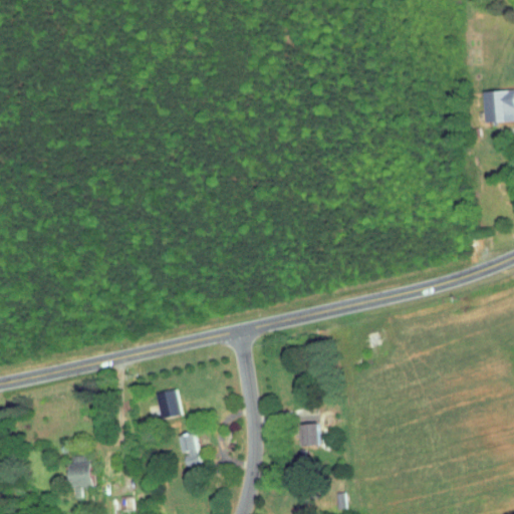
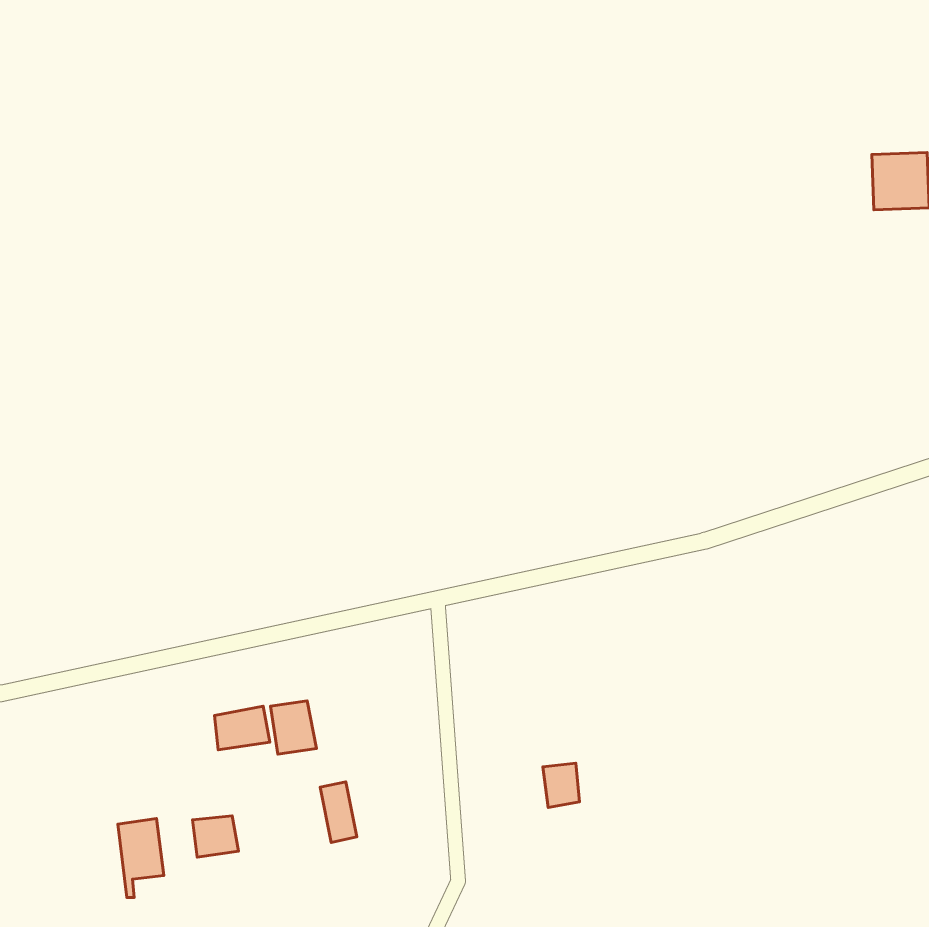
building: none -> [215,706,270,750]
building: none -> [193,816,239,857]

